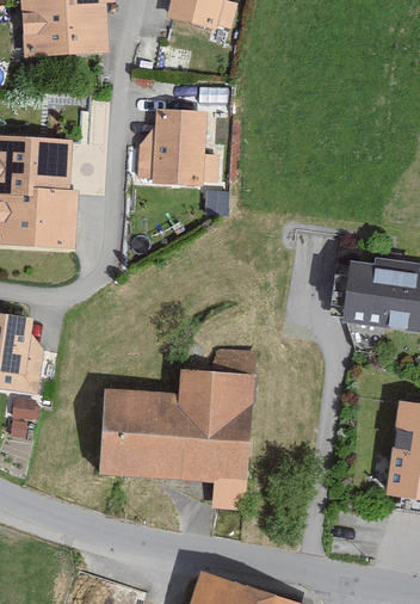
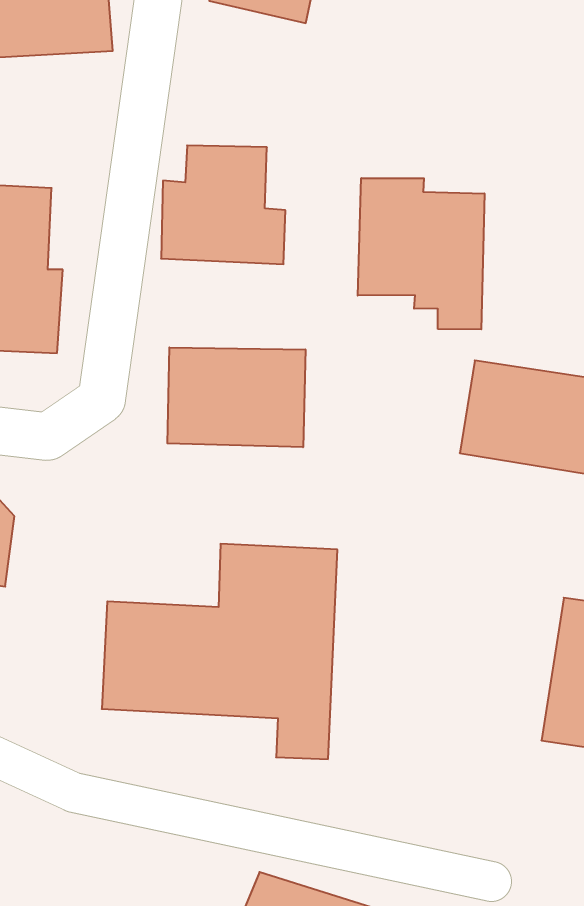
building: none -> [358,178,484,329]
building: none -> [167,347,305,447]

